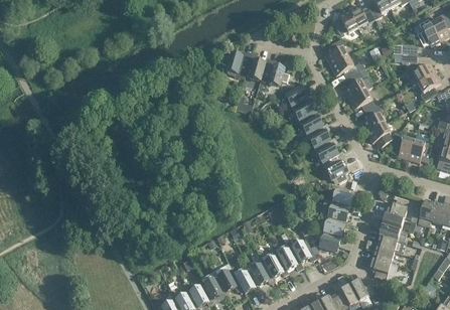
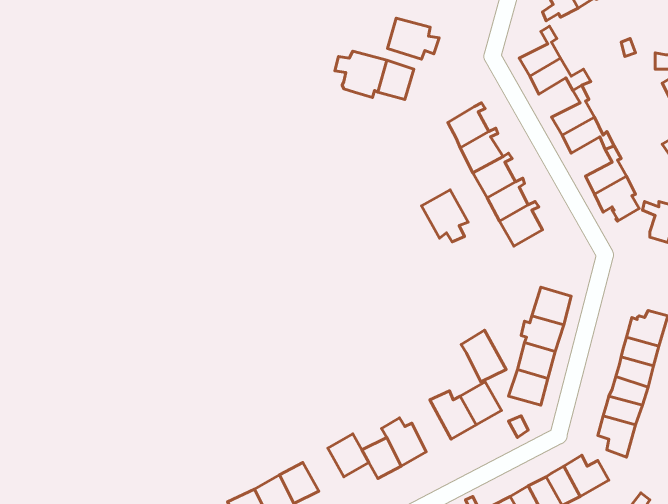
building: [260,60,289,84] -> [387,18,439,59]
building: [321,151,347,180] -> [422,190,468,242]
building: [261,247,286,276] -> [461,330,506,382]
building: [202,274,228,301] -> none

